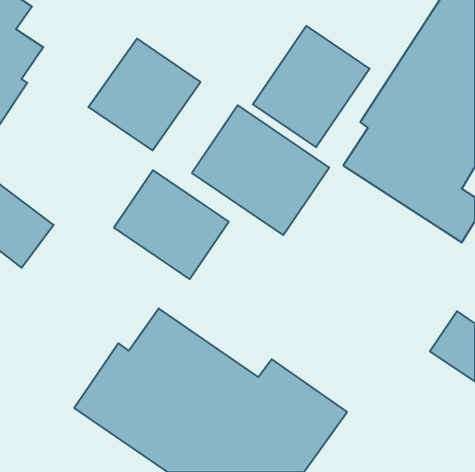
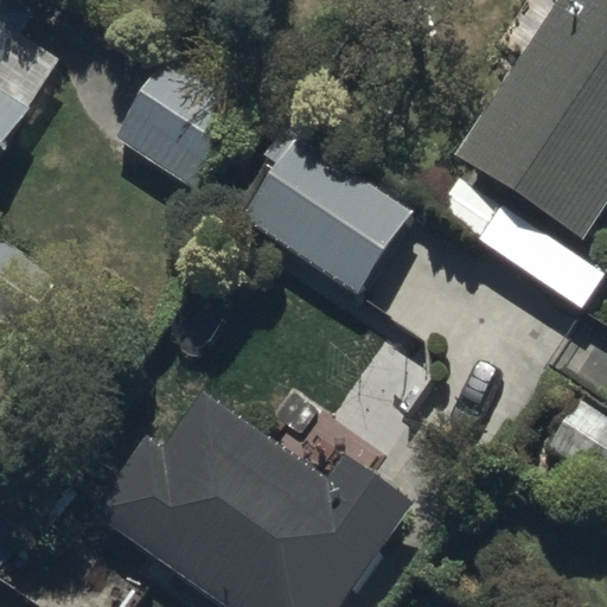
building: [253,26,370,147] -> none
building: [114,170,229,279] -> none

